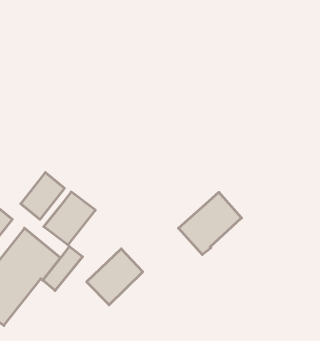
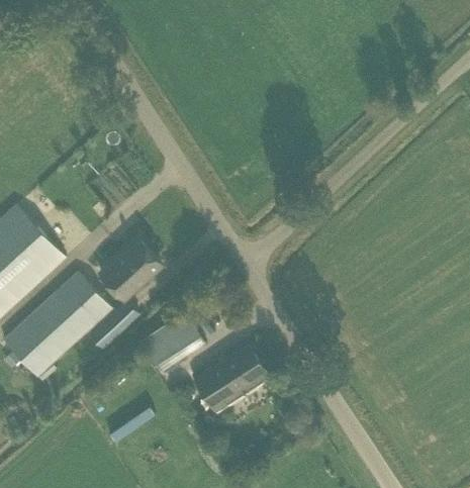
building: [21,172,64,219] -> none
building: [178,192,242,255] -> [196,346,270,413]

